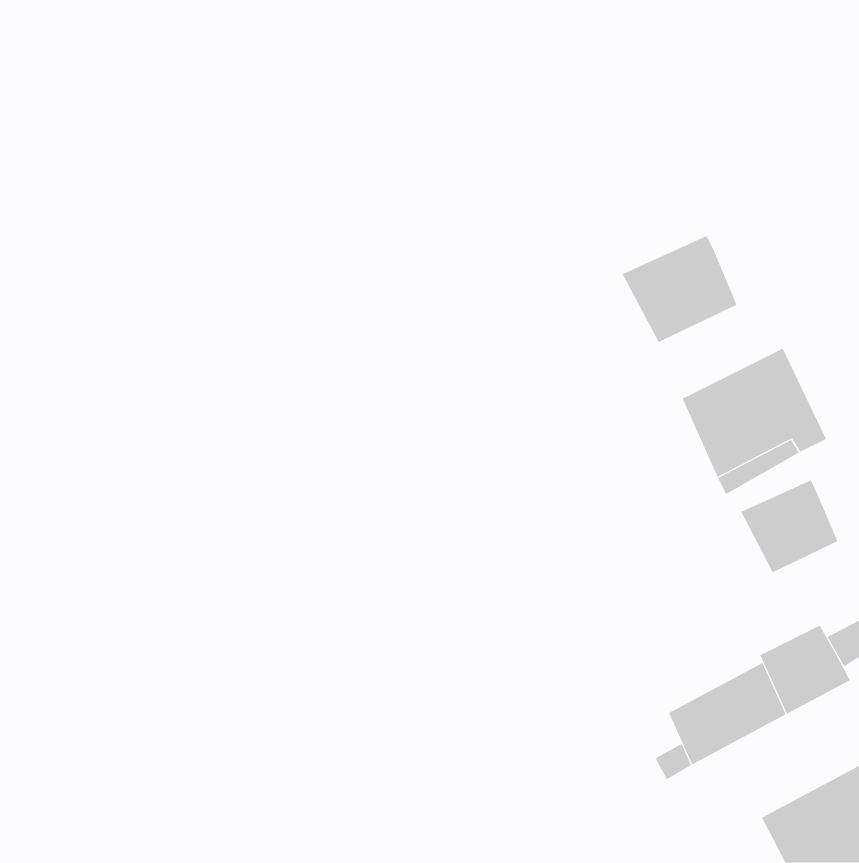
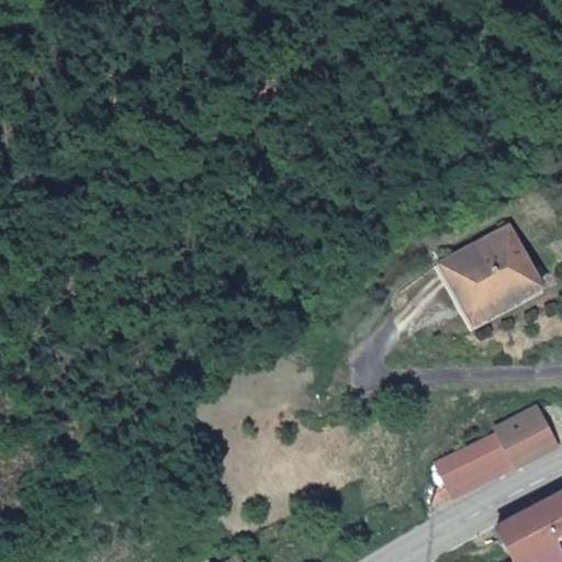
building: [622,235,737,343] -> none
building: [740,479,838,573] -> none

